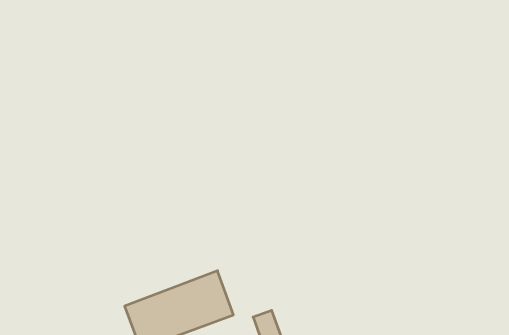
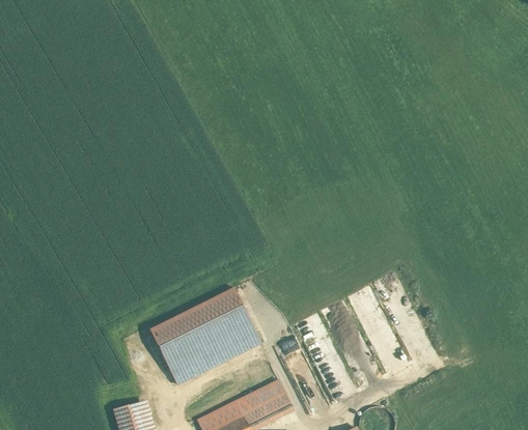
building: none -> [148,287,241,348]

